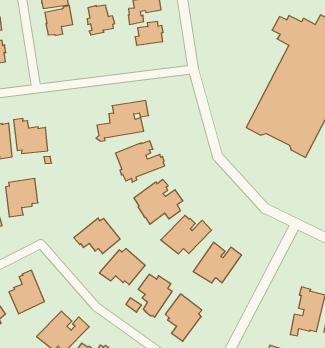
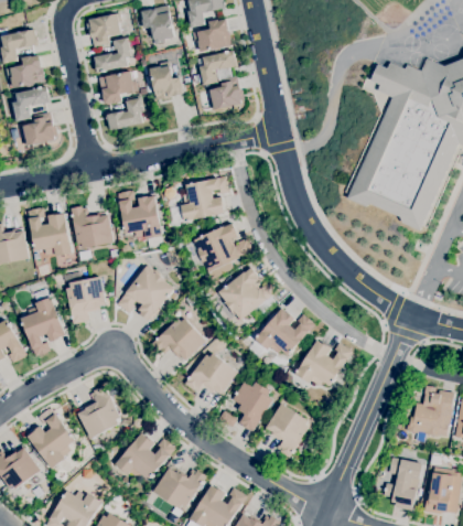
building: none -> [106,98,143,131]
building: none -> [112,190,162,239]
building: none -> [117,267,175,321]

